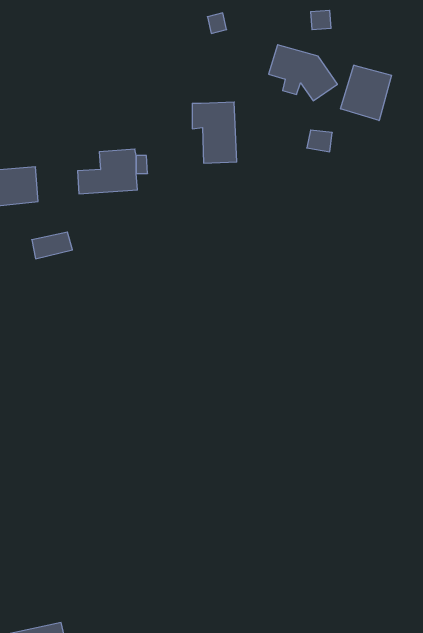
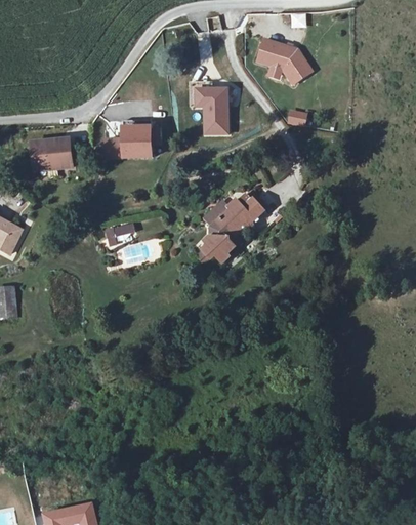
building: [341,65,391,121] -> none
building: [32,232,72,259] -> [103,221,136,243]
building: none -> [201,197,265,266]

